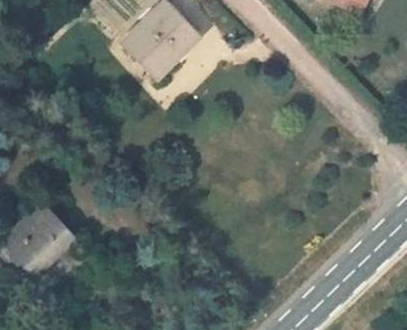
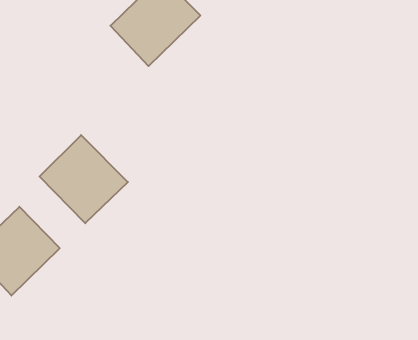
building: none -> [40,135,128,223]

